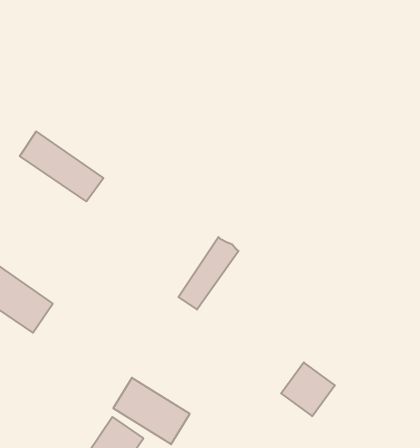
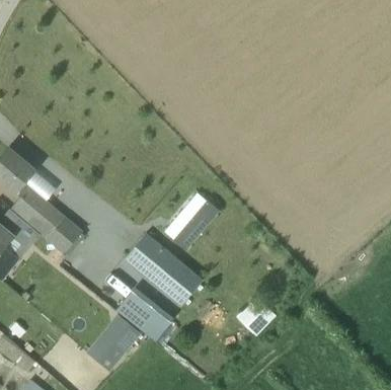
building: [20,131,103,201] -> none
building: none -> [122,232,201,305]

